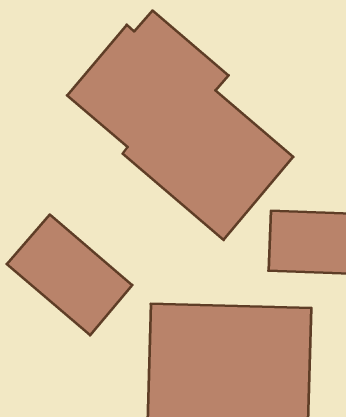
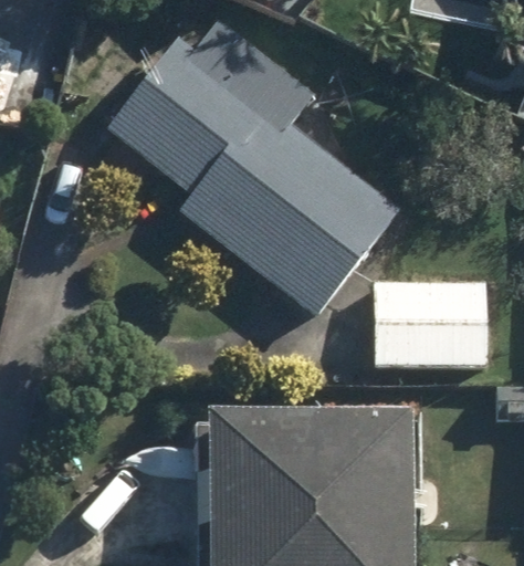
building: [7,215,132,335] -> none

